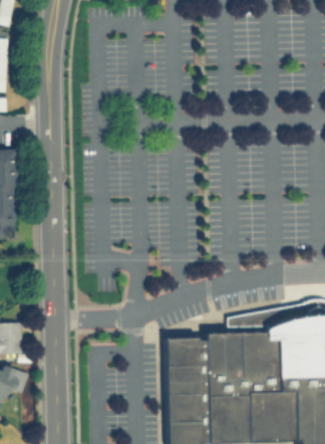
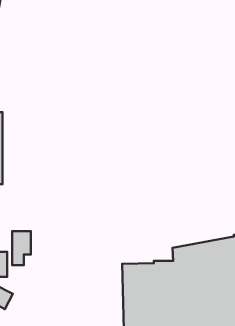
building: none -> [12,231,31,265]

